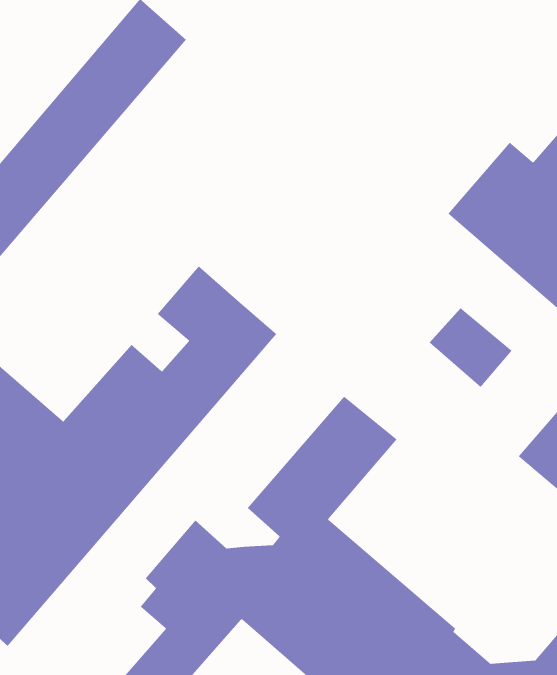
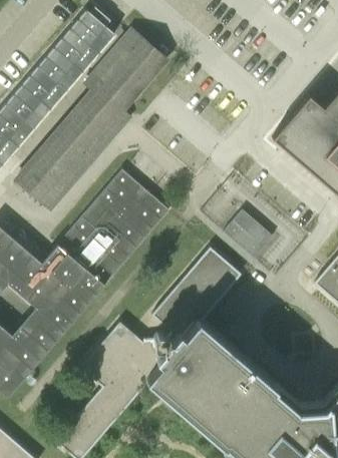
building: none -> [16,30,166,209]
building: [429,307,512,388] -> [224,210,274,259]

